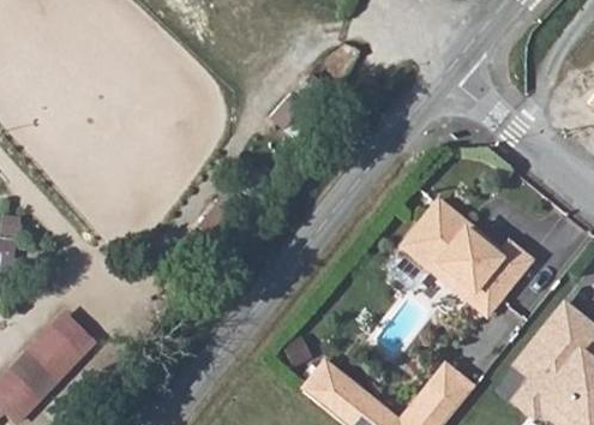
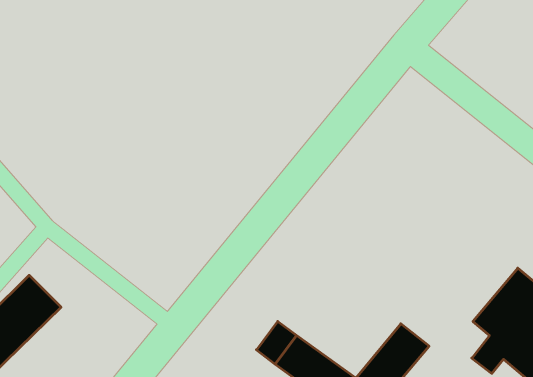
building: [403,198,530,311] -> none

